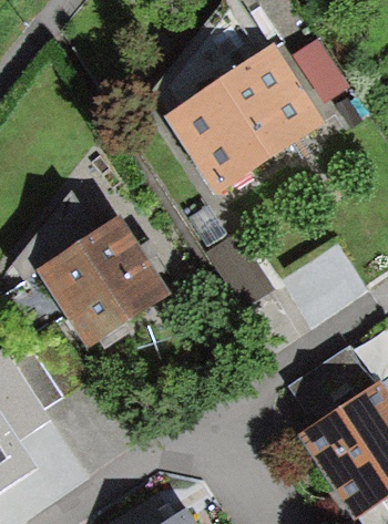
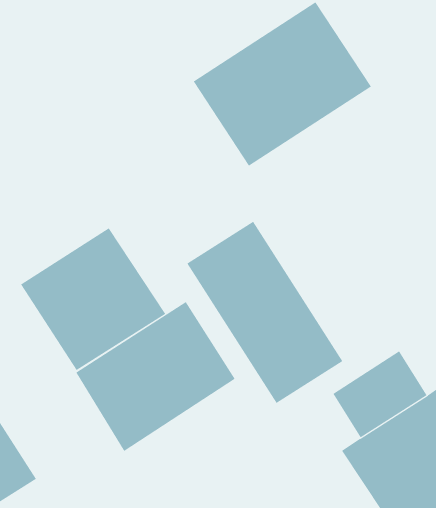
building: none -> [186,221,343,404]
building: none -> [75,301,236,452]

